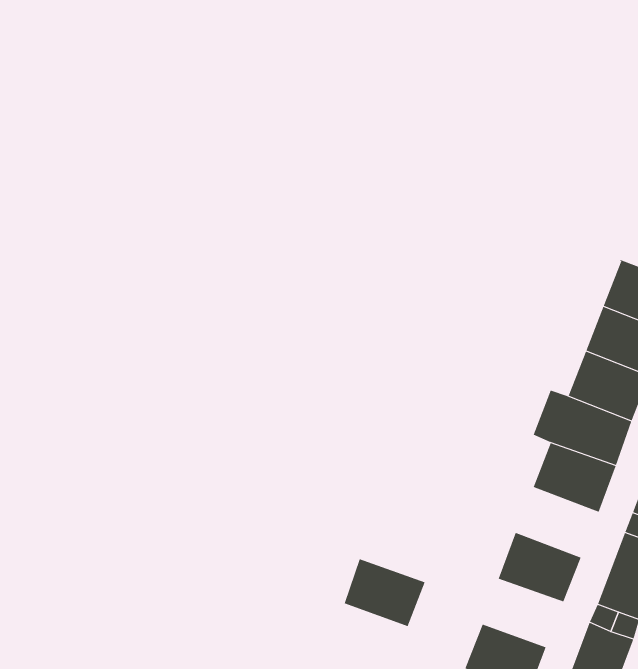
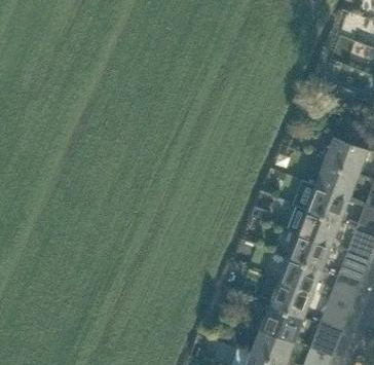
building: none -> [277,258,322,295]
building: [344,559,426,627] -> [260,306,303,342]

